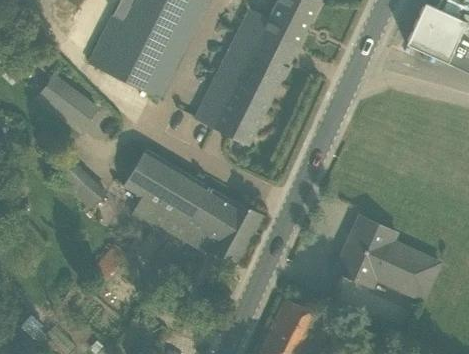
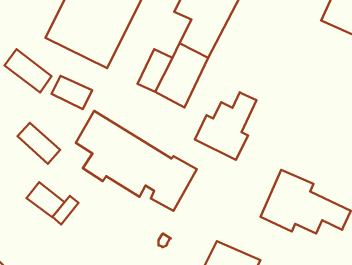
building: [213,34,256,87] -> none
building: none -> [51,76,92,109]
building: none -> [195,92,257,160]
building: none -> [27,182,64,217]

